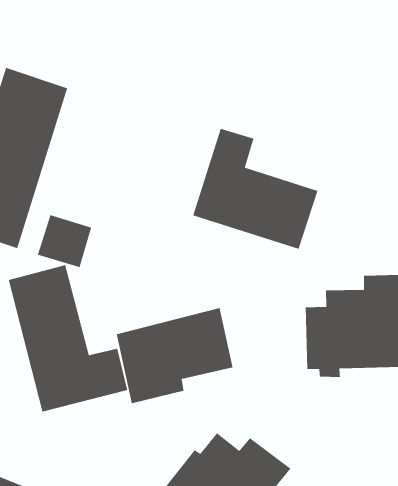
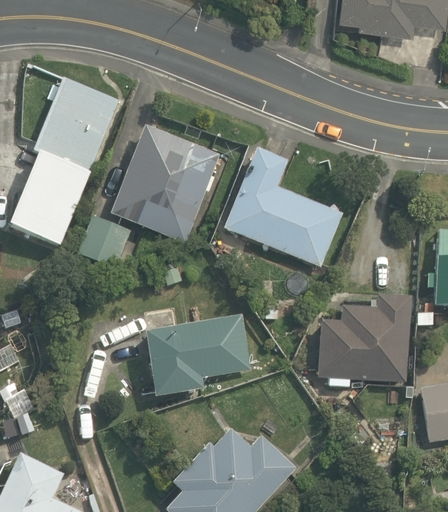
building: none -> [111,125,220,243]
building: [8,264,128,413] -> none

